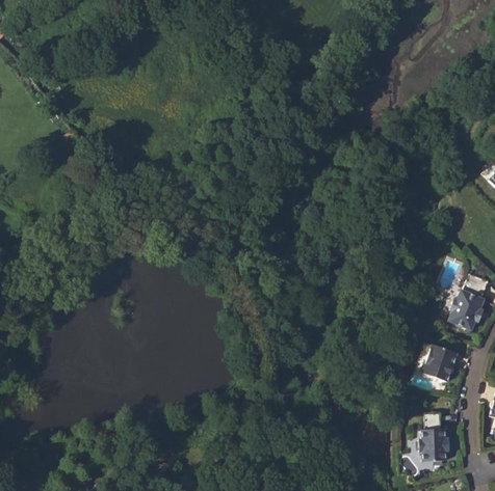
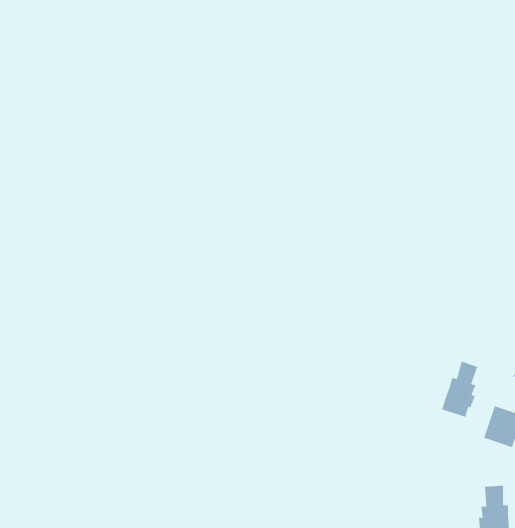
building: none -> [441,360,478,418]

